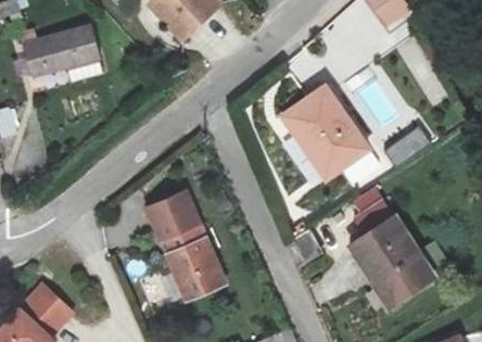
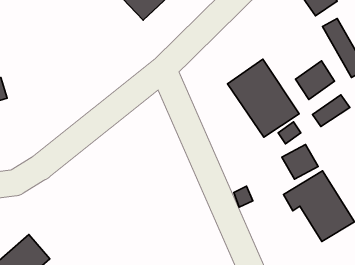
building: [22,25,100,78] -> none
building: none -> [296,61,334,99]
building: [151,192,226,300] -> none

